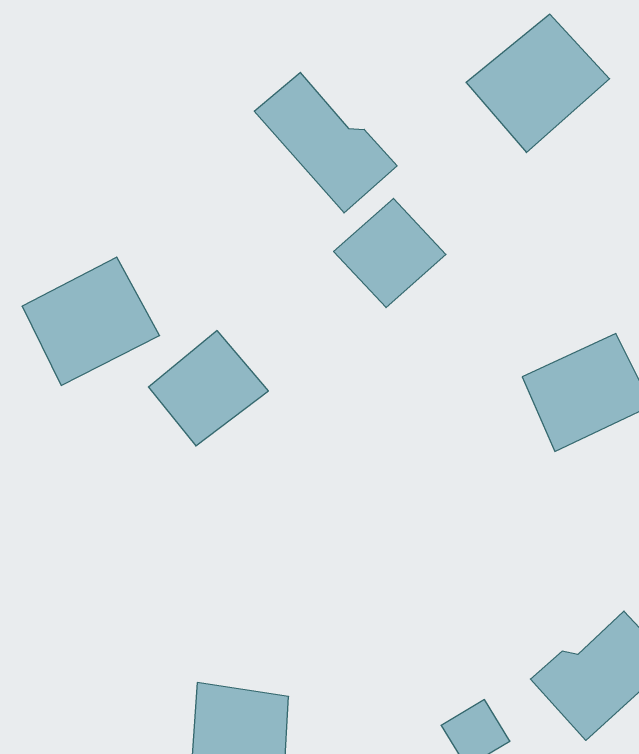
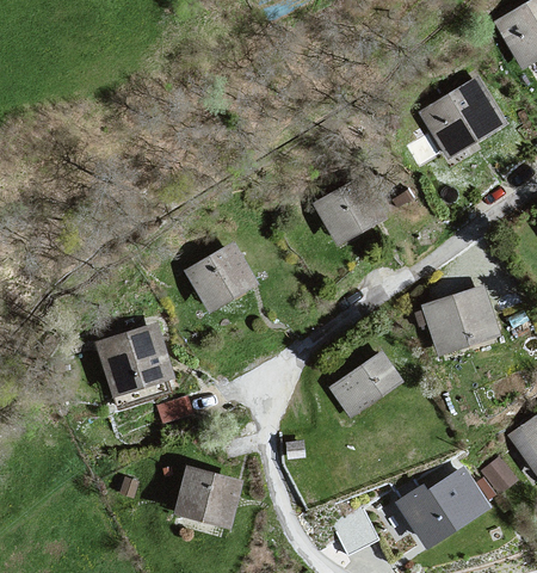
building: [254,72,397,213] -> none
building: [22,257,160,385] -> [93,322,177,398]
building: none -> [323,353,401,421]

